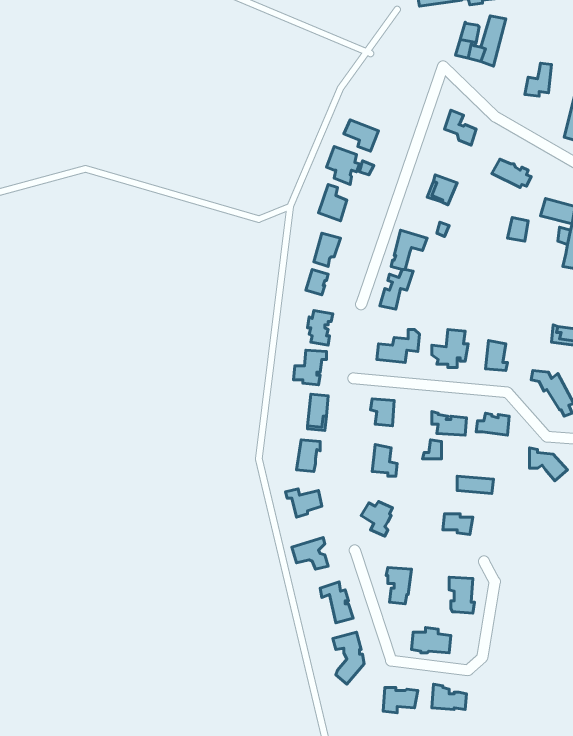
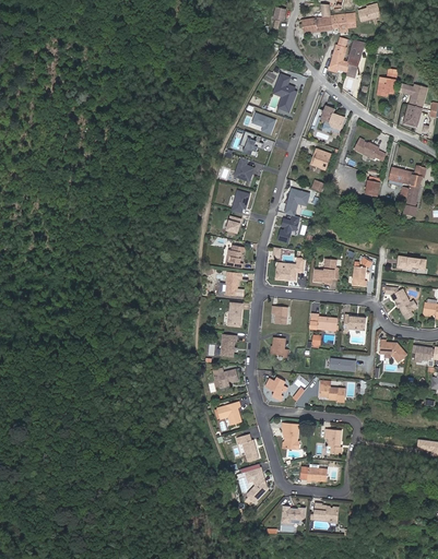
building: none -> [275,73,297,111]

